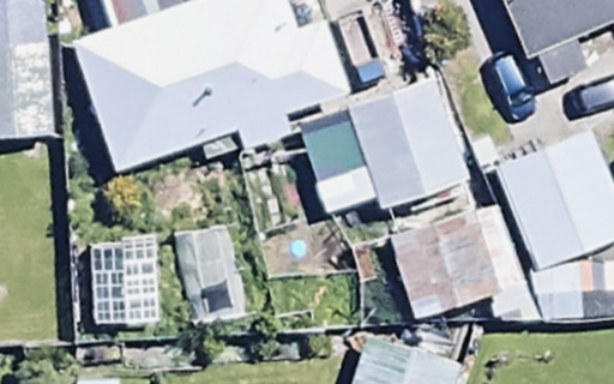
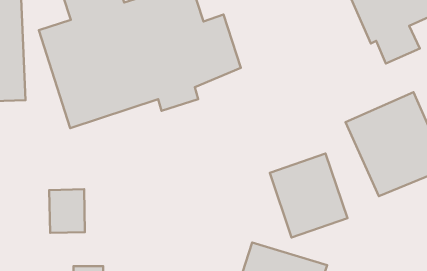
building: [349,80,471,214] -> none

